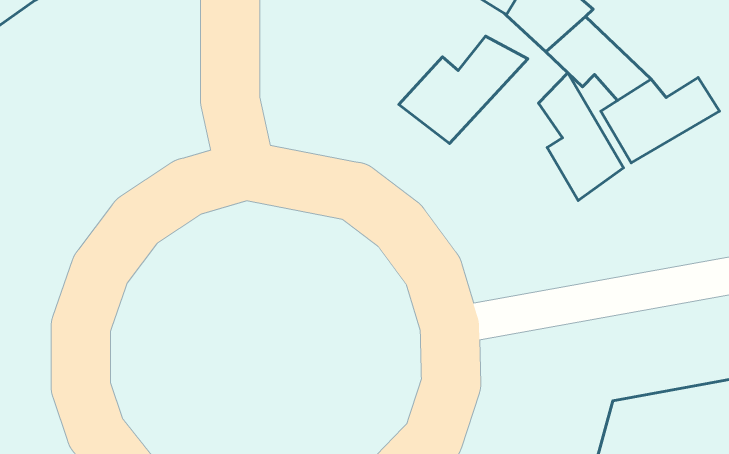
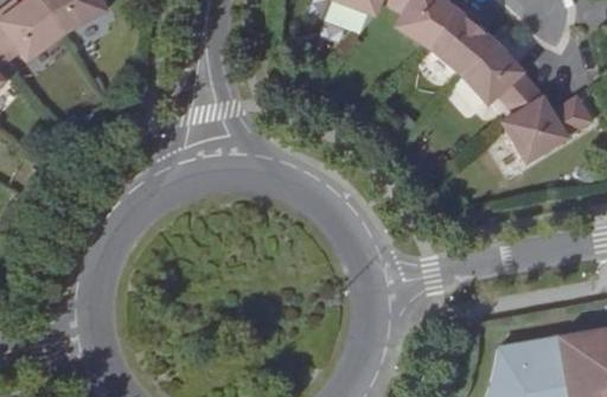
building: [399,36,528,143] -> none
building: [539,73,624,201] -> none

